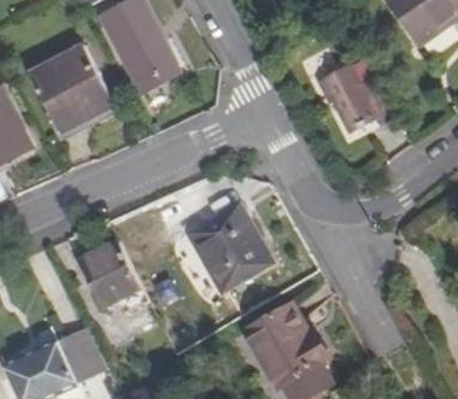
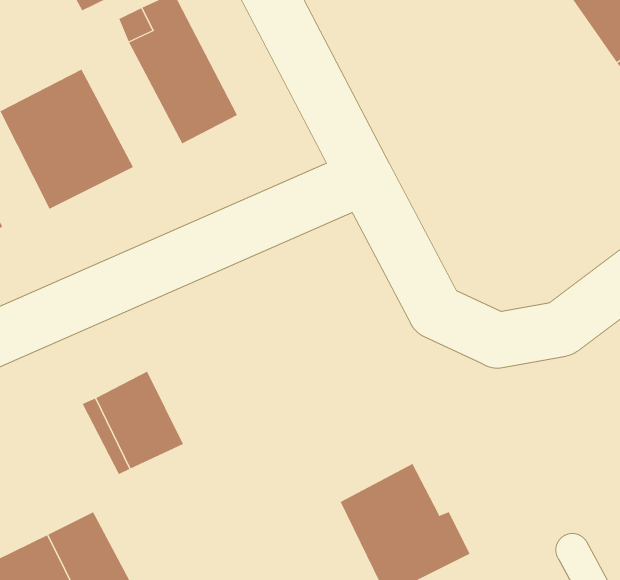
building: [317,68,393,133] -> none
building: [165,194,272,278] -> none

